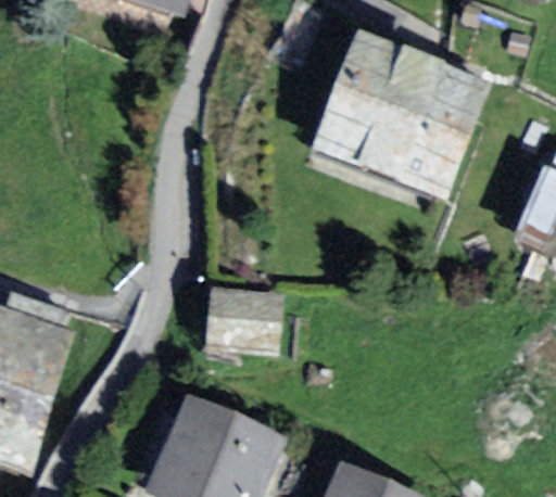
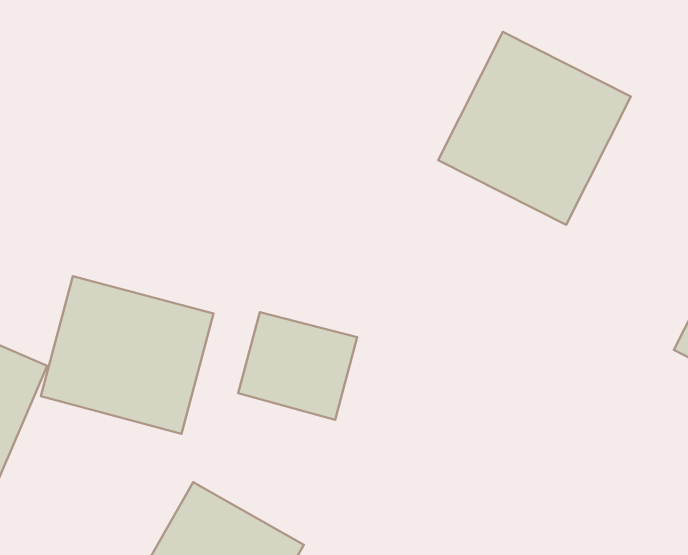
building: none -> [41,276,214,434]

